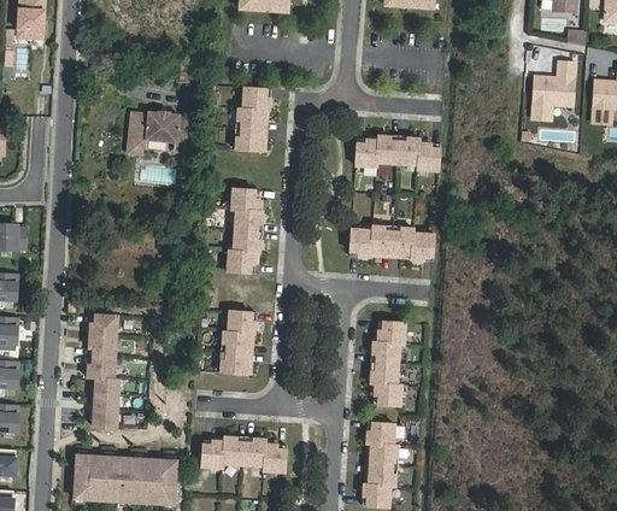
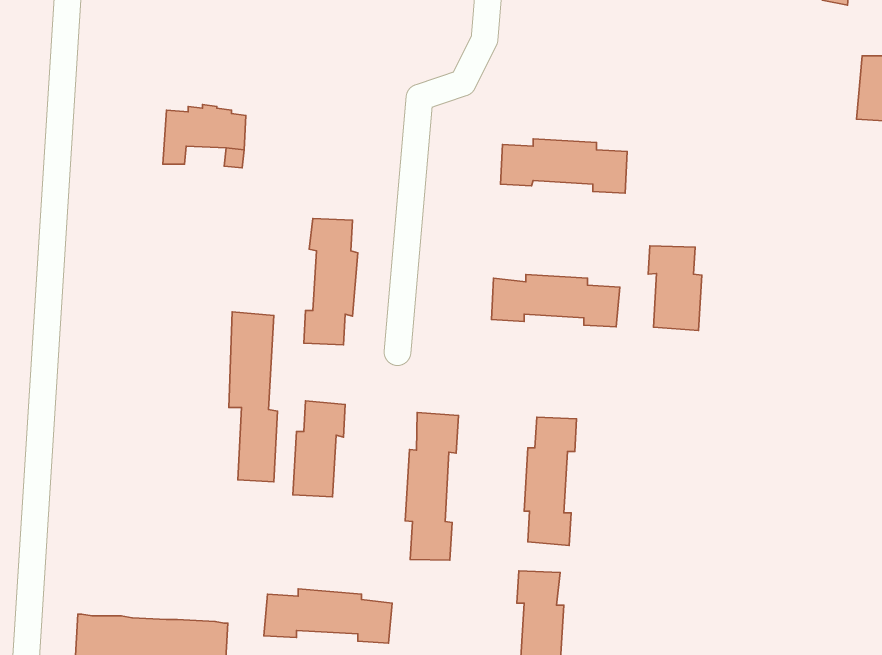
building: [534,63,577,121] -> none
building: [234,87,270,151] -> none
building: none -> [648,246,702,330]
building: [86,311,118,424] -> [229,312,278,482]
building: none -> [405,412,458,560]

